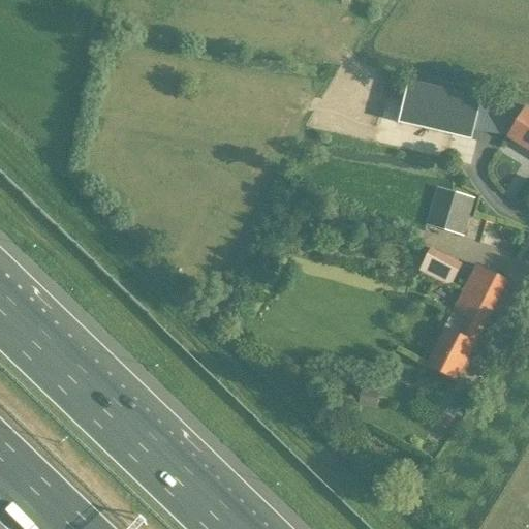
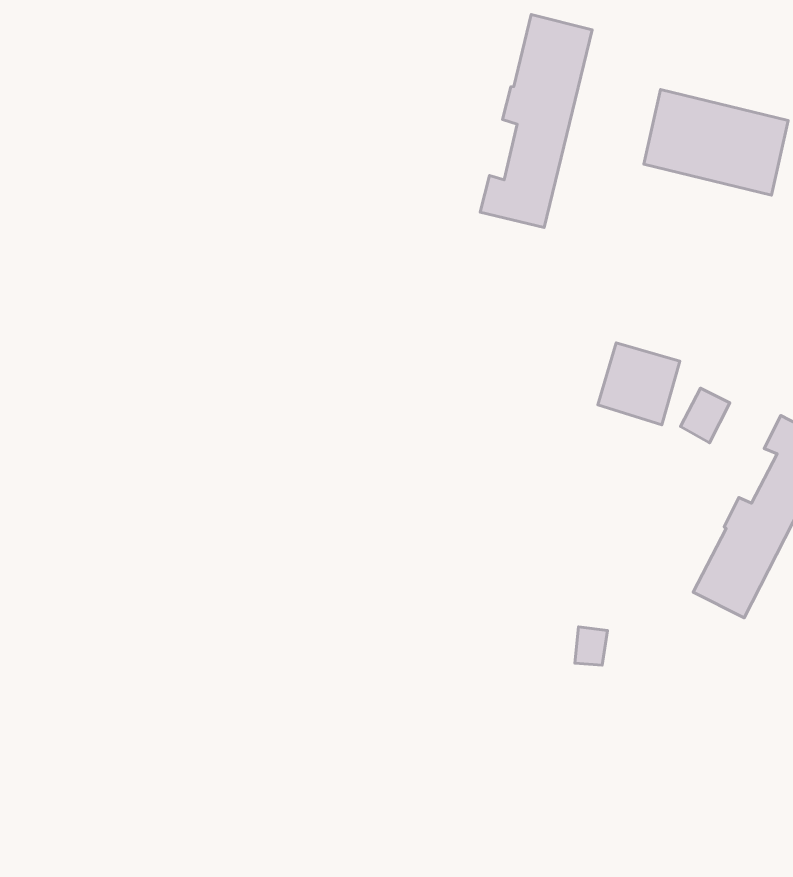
building: none -> [480,14,592,227]
building: [428,187,474,234] -> [598,343,680,425]

